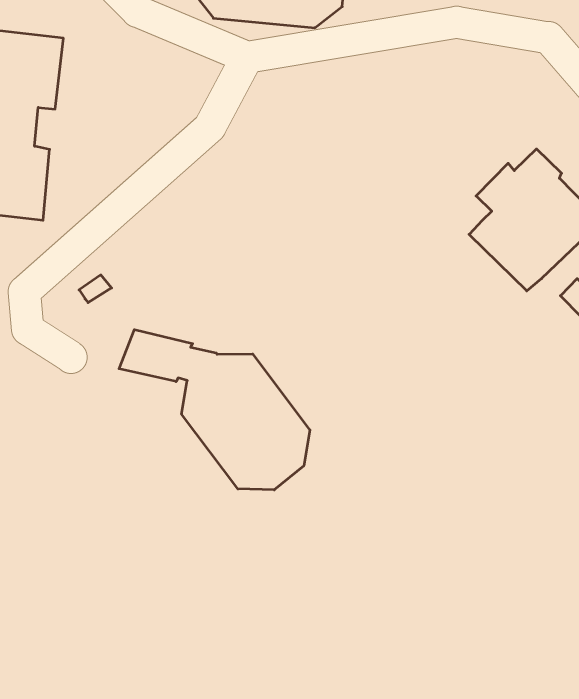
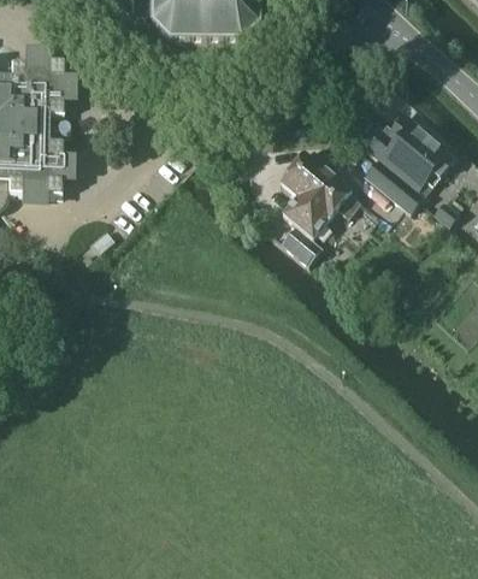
building: none -> [278,154,359,265]
building: [119,330,310,490] -> none

